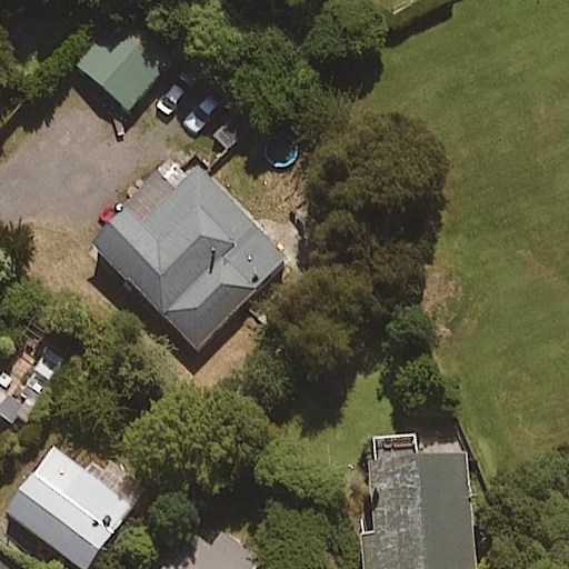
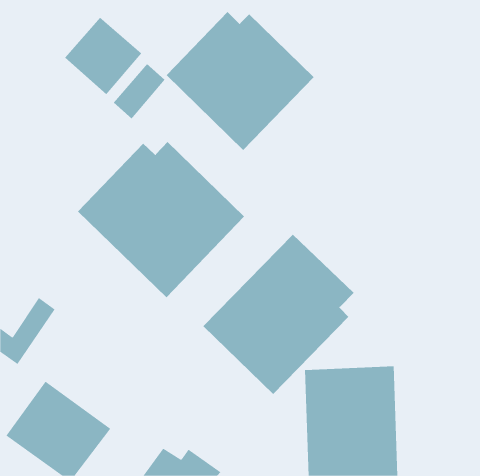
building: none -> [166,11,314,151]
building: none -> [202,234,355,395]

